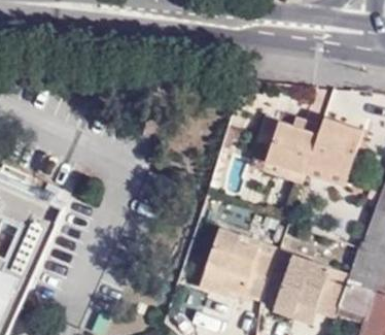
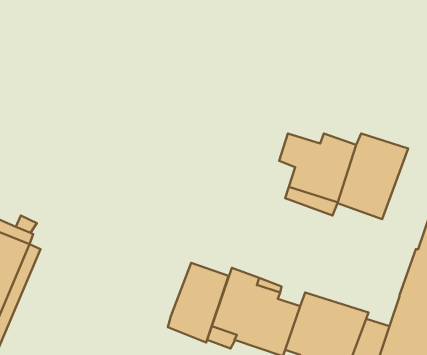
building: none -> [168,263,229,342]

